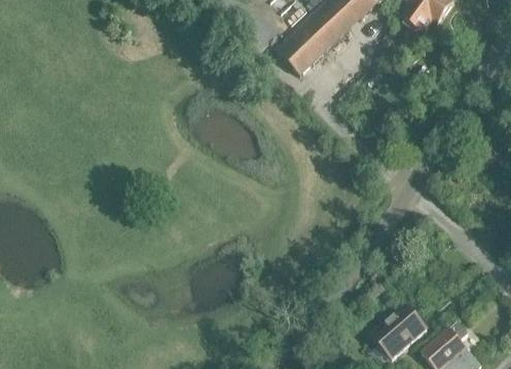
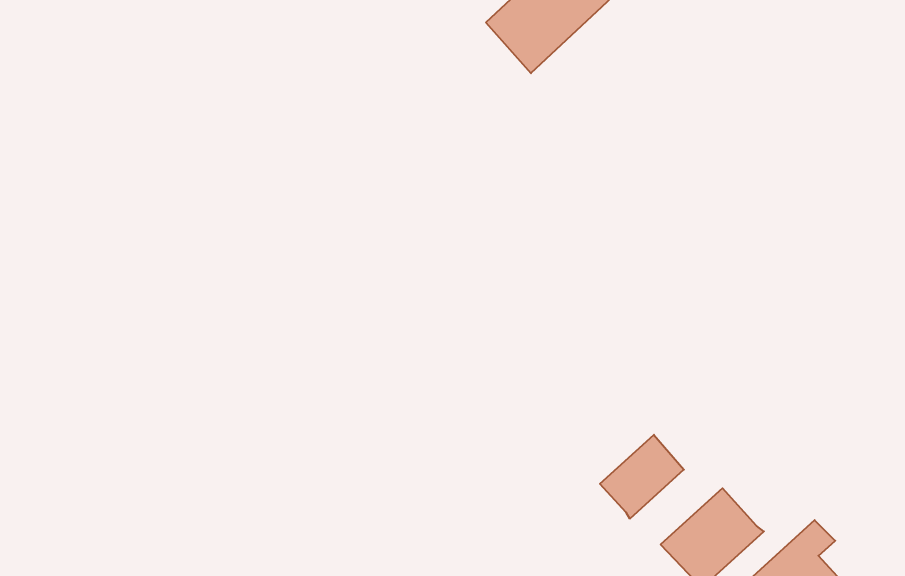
building: none -> [600,435,684,519]

